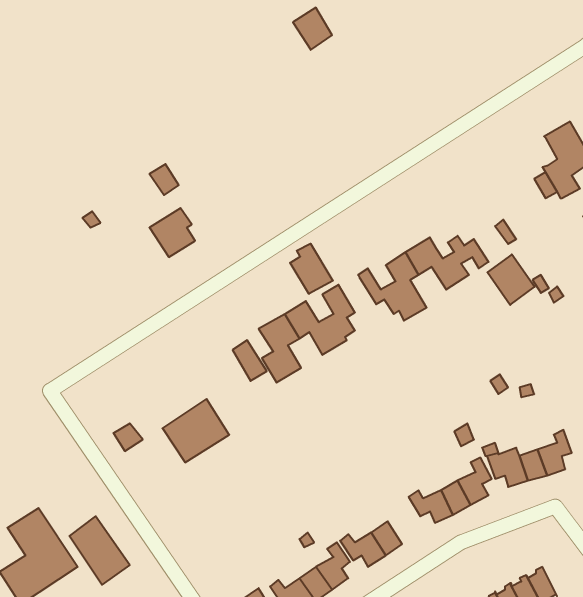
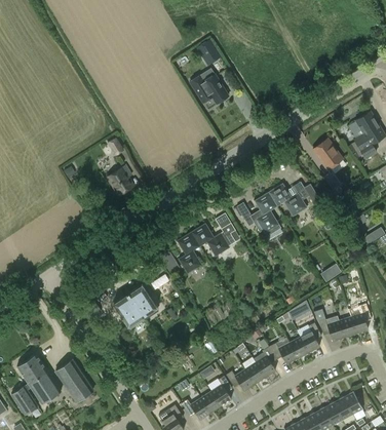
building: none -> [189,68,228,103]
building: [290,244,333,294] -> none
building: [487,254,535,305] -> [312,138,342,169]
building: none -> [253,346,276,376]

